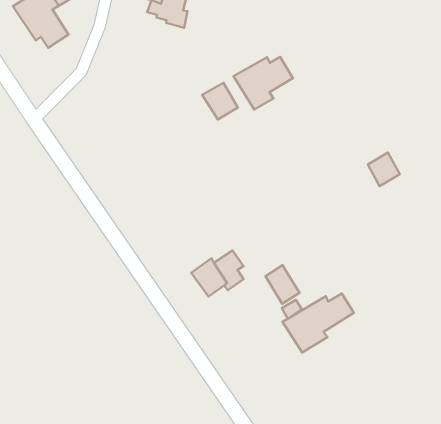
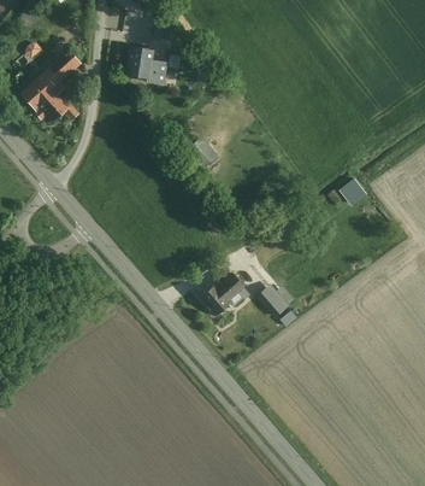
building: [234,57,293,110] -> none
building: [283,293,354,353] -> none

